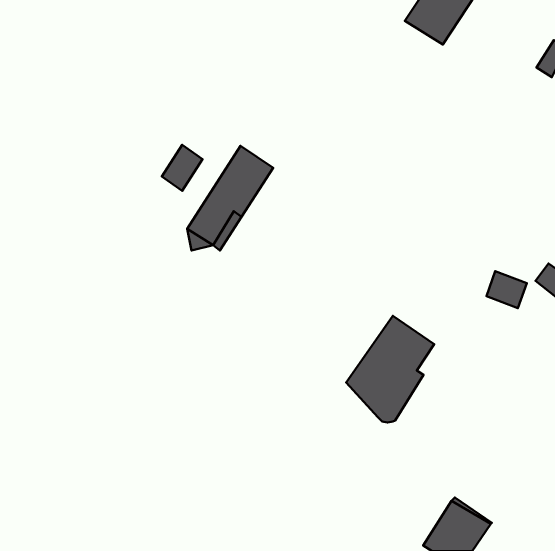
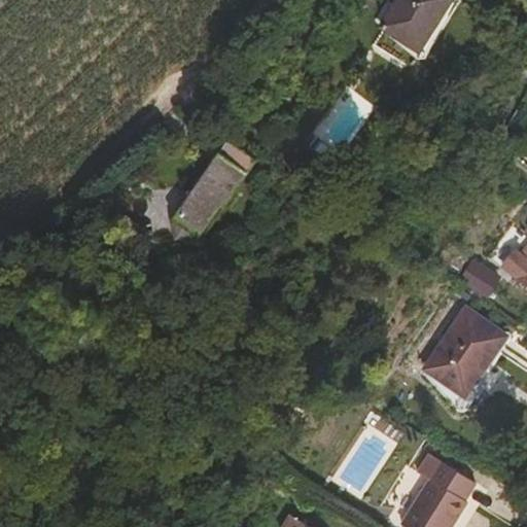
building: [162,145,203,191] -> none
building: [346,316,434,423] -> [419,308,502,409]

